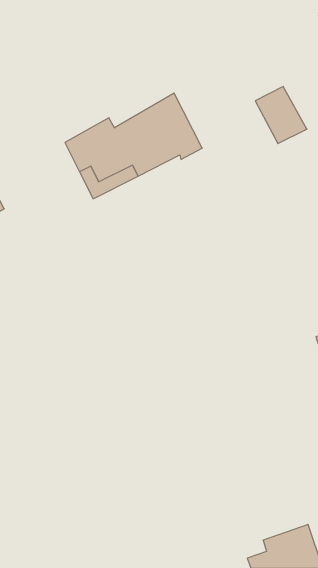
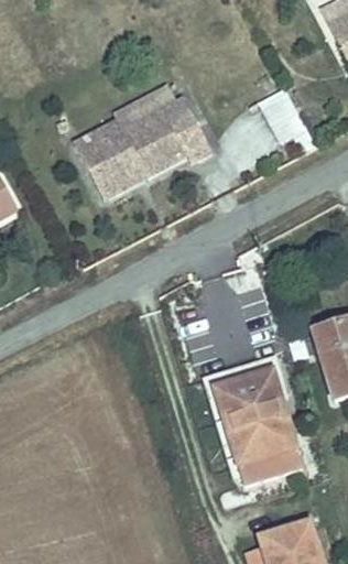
building: none -> [213,354,302,480]

